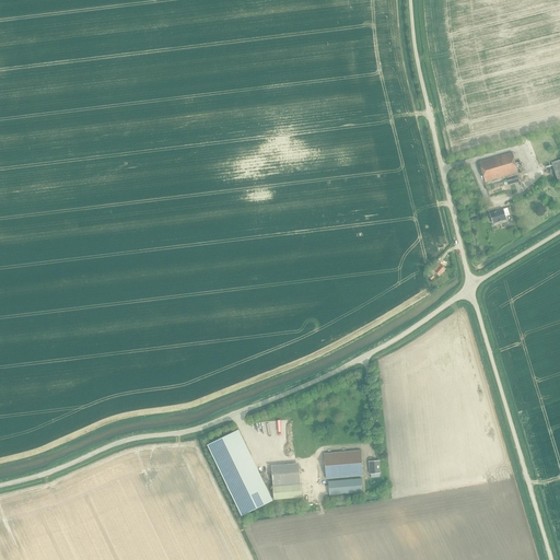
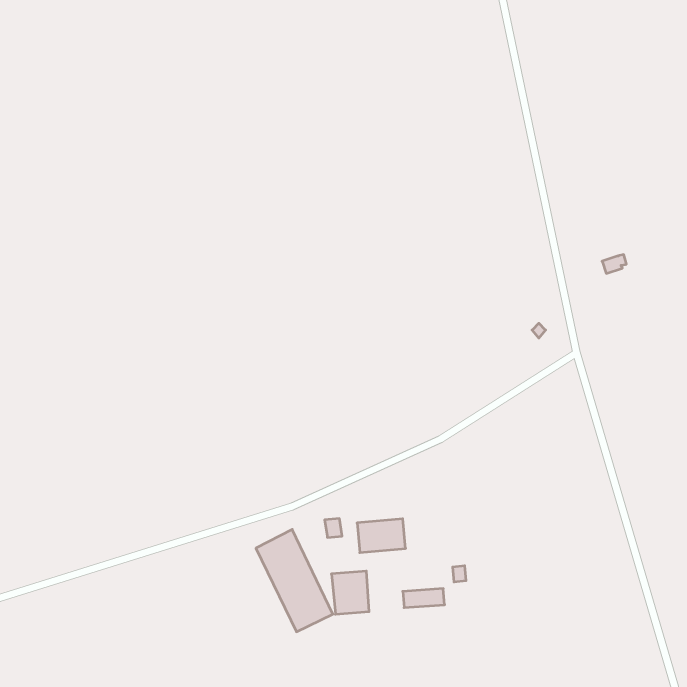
building: [478,151,516,180] -> none
building: [323,450,362,477] -> [357,519,406,553]

